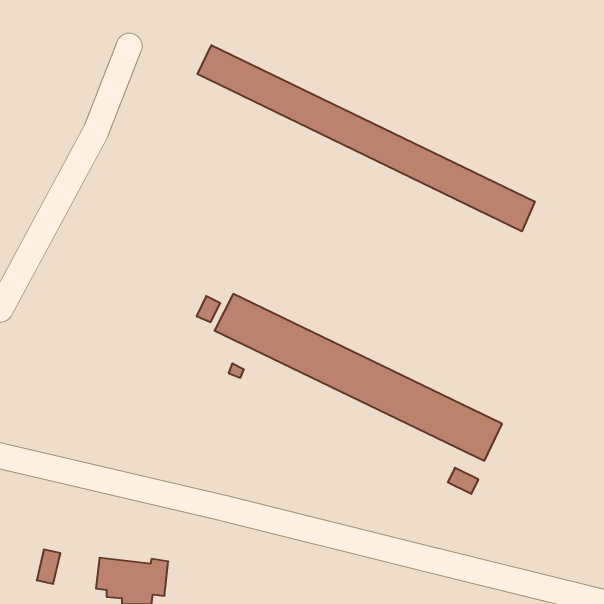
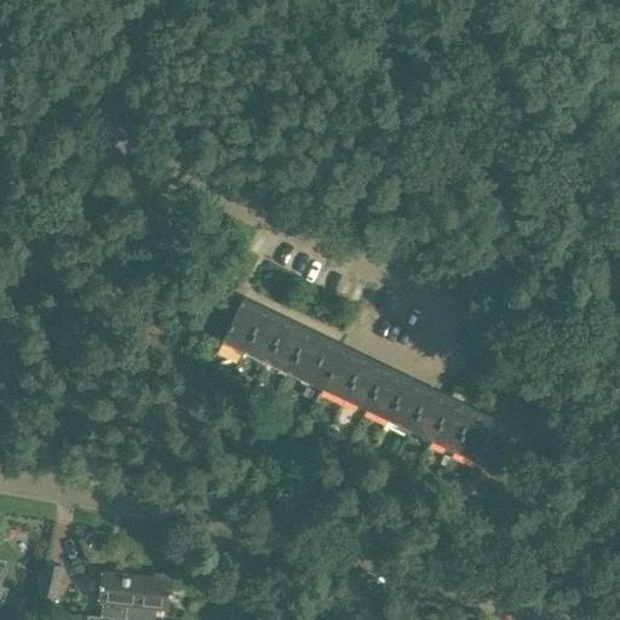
building: [197,45,535,231] -> none

